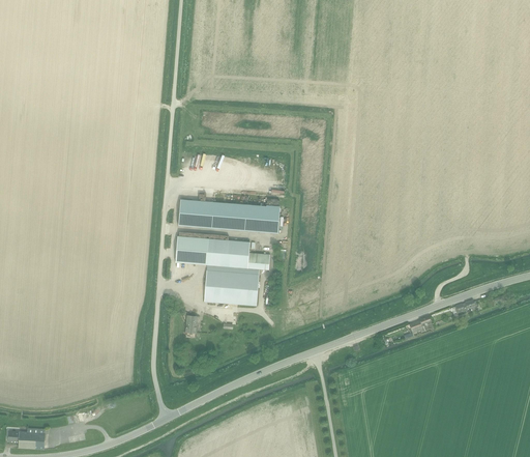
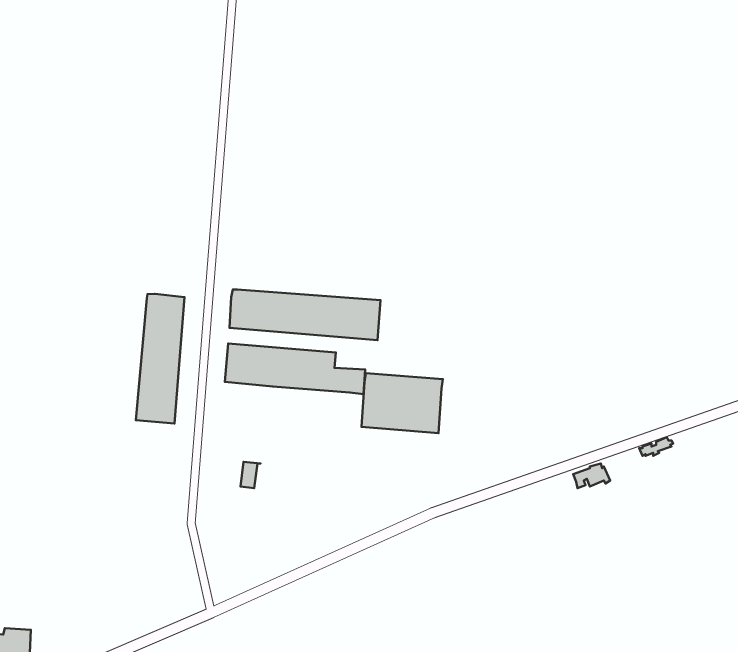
building: none -> [136,294,184,423]
building: [204,264,259,305] -> [361,373,443,433]

